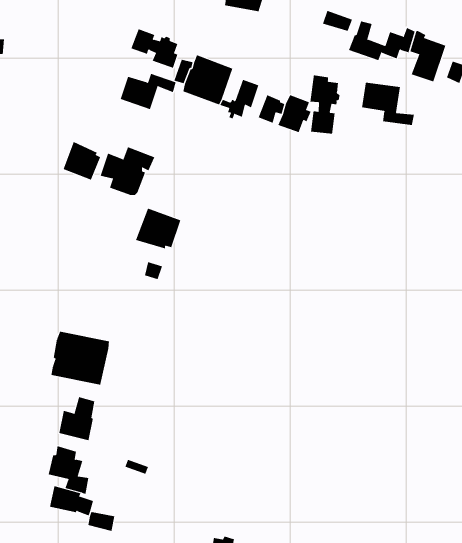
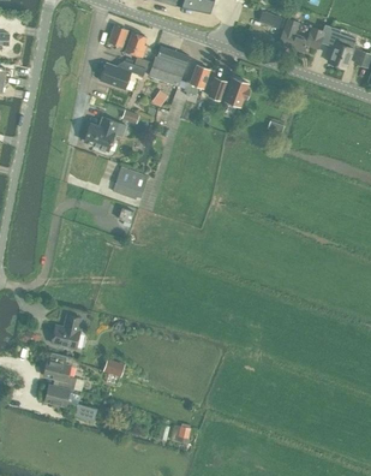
building: [310,75,340,135] -> none
building: [362,82,415,126] -> none
building: [63,141,101,180] -> none
building: [51,331,110,385] -> none

